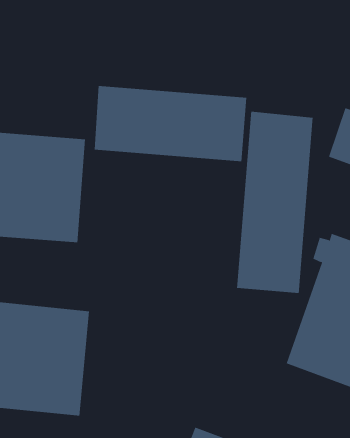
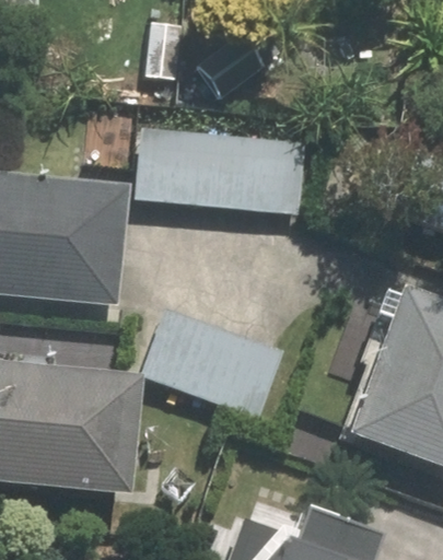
building: [237,111,313,294] -> none
building: none -> [141,308,284,419]

